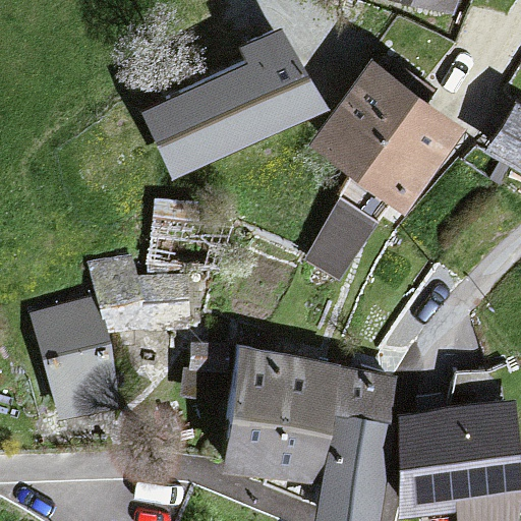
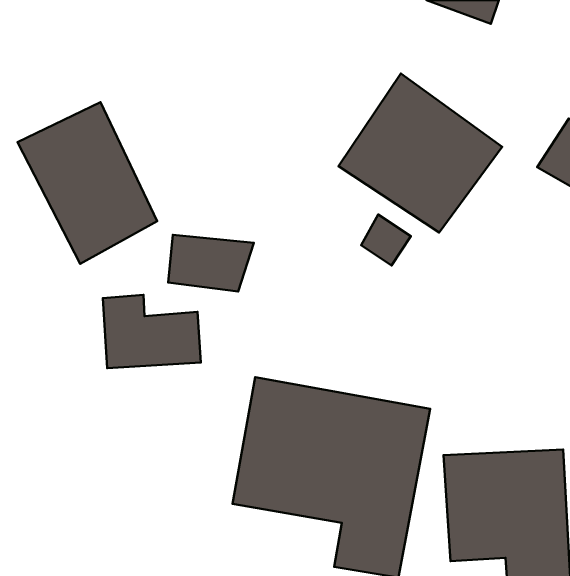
building: [164,55,317,168] -> none
building: none -> [18,102,157,264]
building: [35,303,116,418] -> none

